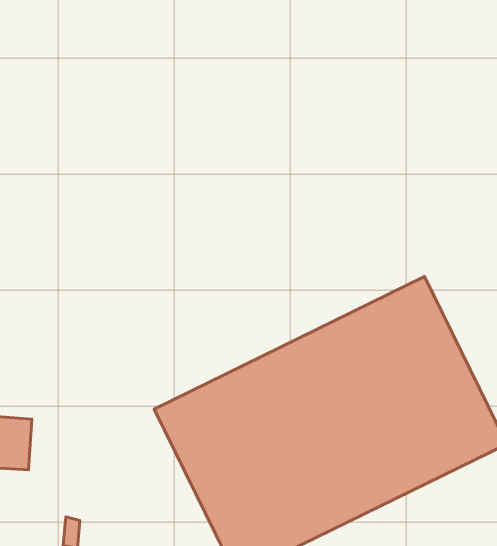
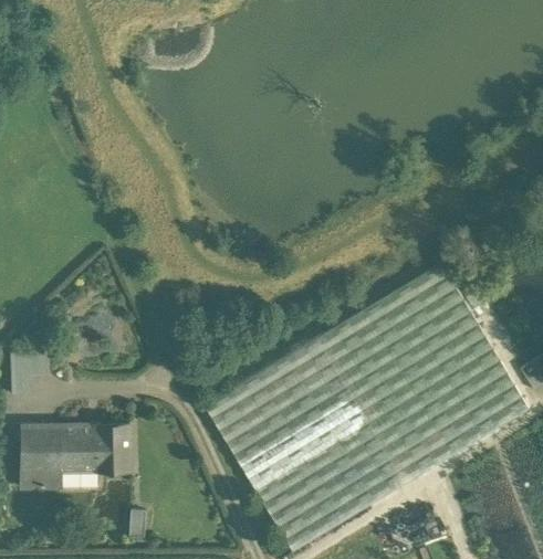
building: none -> [94,424,142,471]

